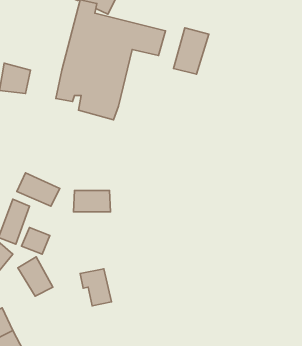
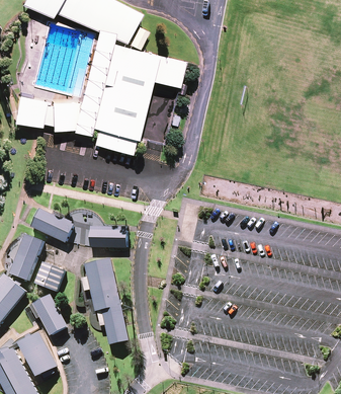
building: [174,28,209,74] -> none
building: none -> [50,100,77,130]
building: none -> [84,259,120,312]
building: none -> [20,331,58,376]

